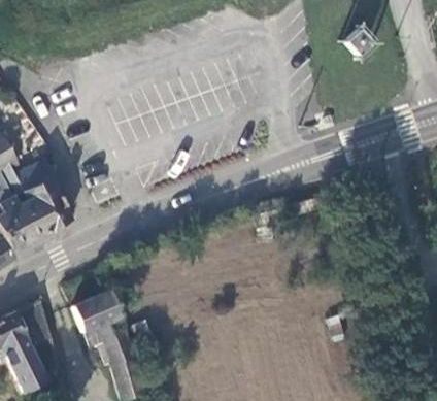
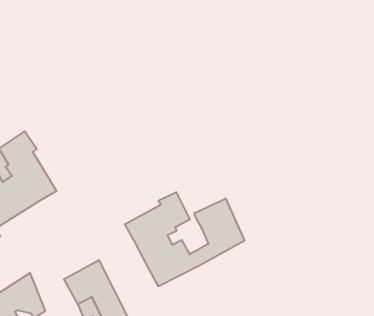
building: none -> [125,192,244,286]

